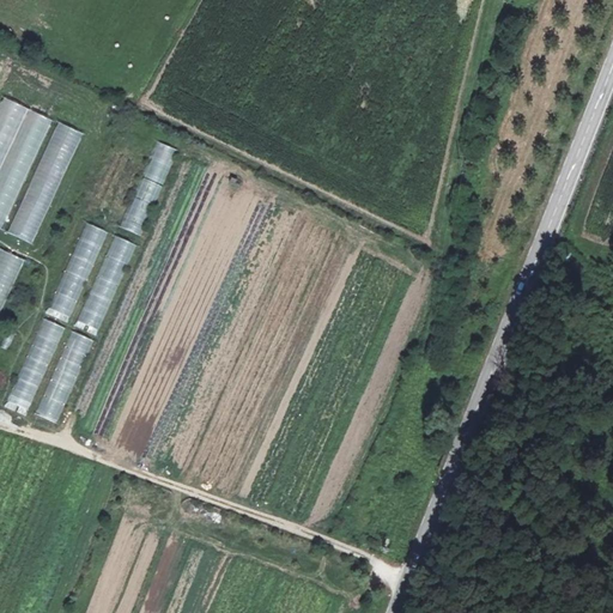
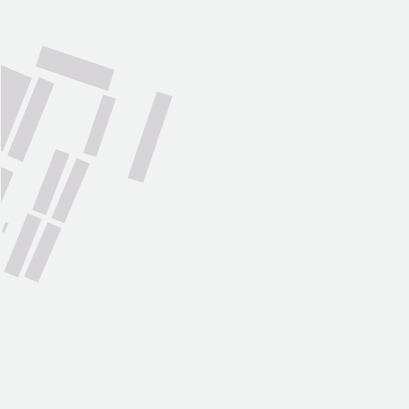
building: none -> [35,45,115,92]
building: none -> [127,91,173,184]

